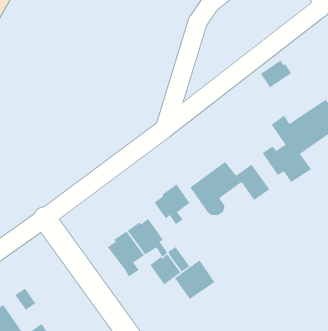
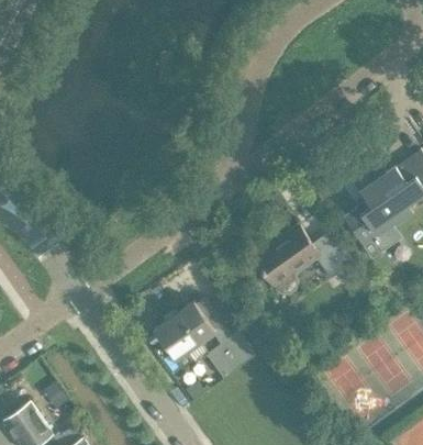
building: [260,59,292,88] -> none
building: [154,183,190,225] -> none
building: [174,260,215,300] -> none

